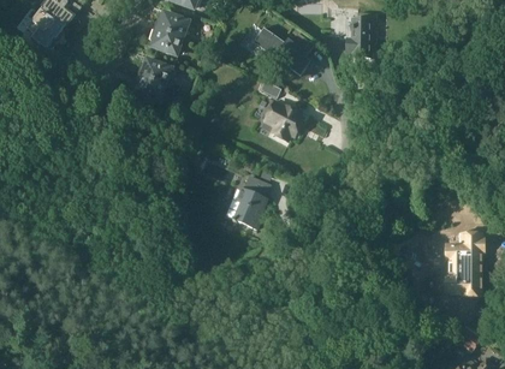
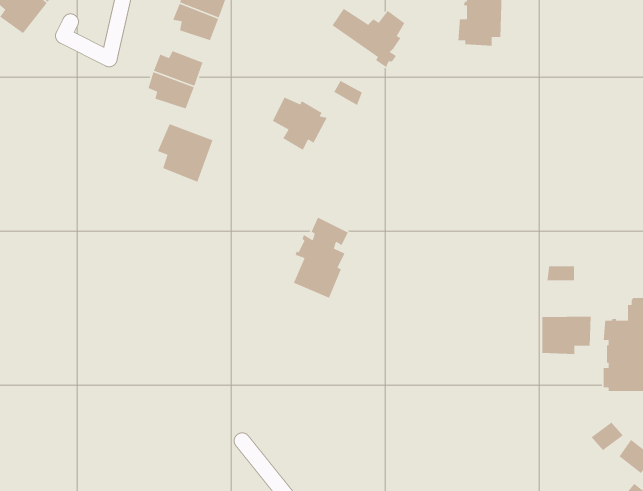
building: [265,103,303,141] -> [272,97,328,151]
building: none -> [157,123,213,183]
building: none -> [541,316,592,355]

